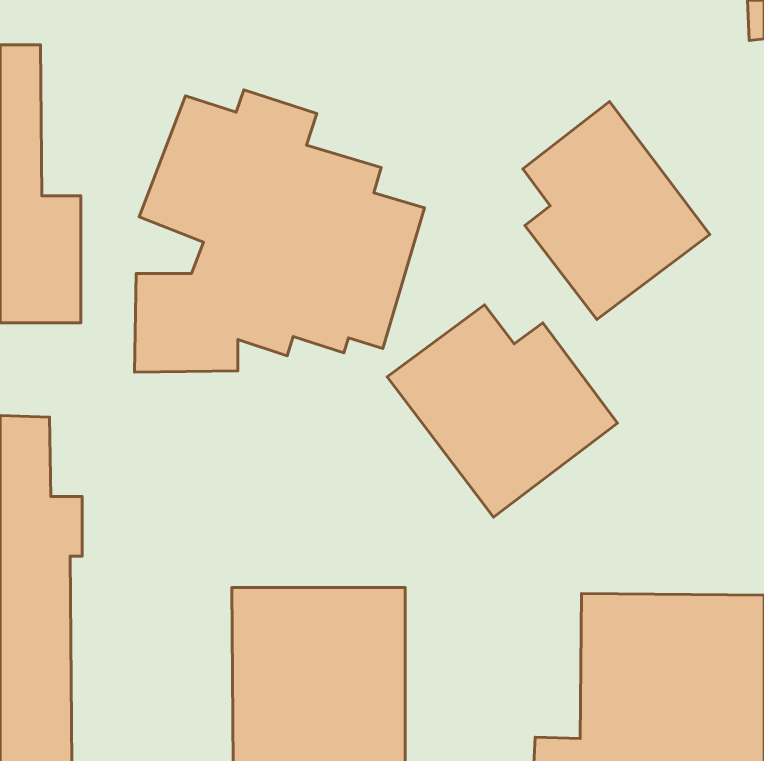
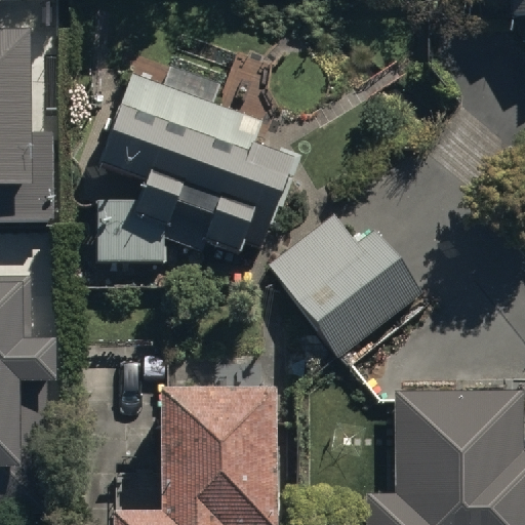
building: [523,102,710,320] -> none

